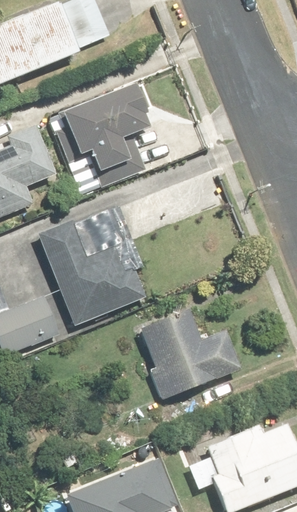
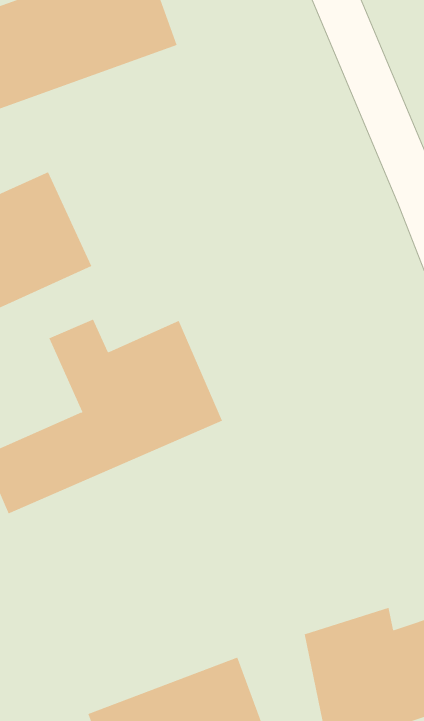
building: [57,76,156,193] -> none
building: [139,303,233,402] -> none

